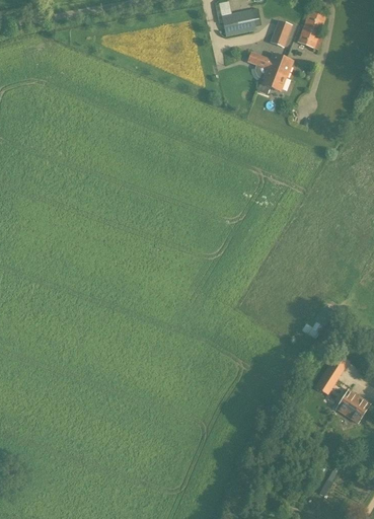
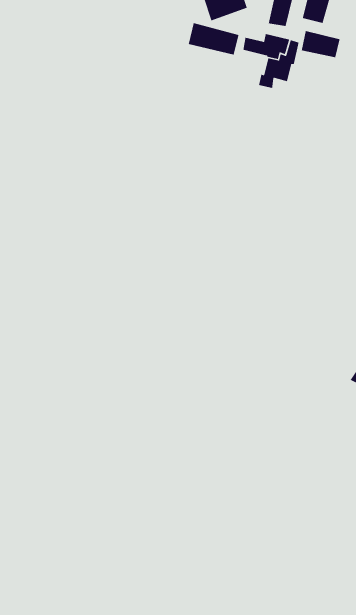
building: none -> [188,22,239,56]
building: none -> [301,30,341,58]

